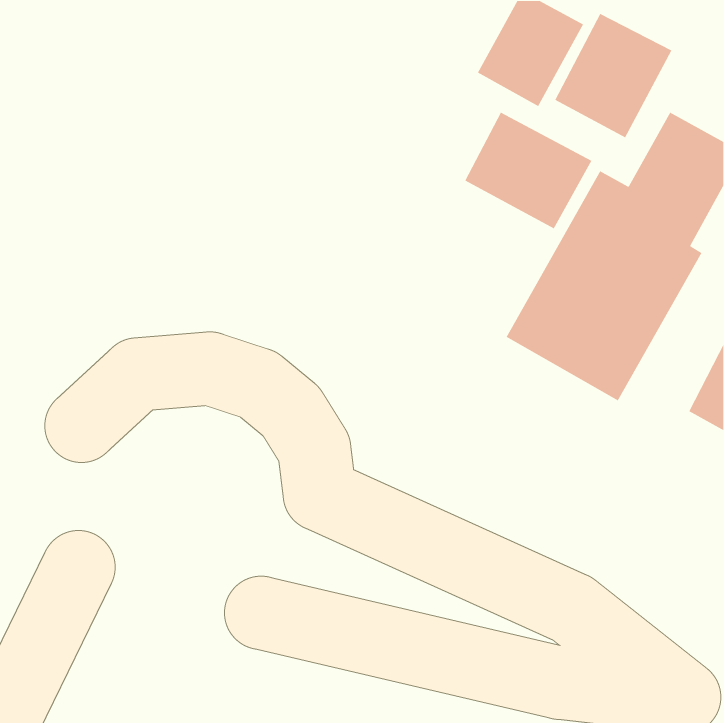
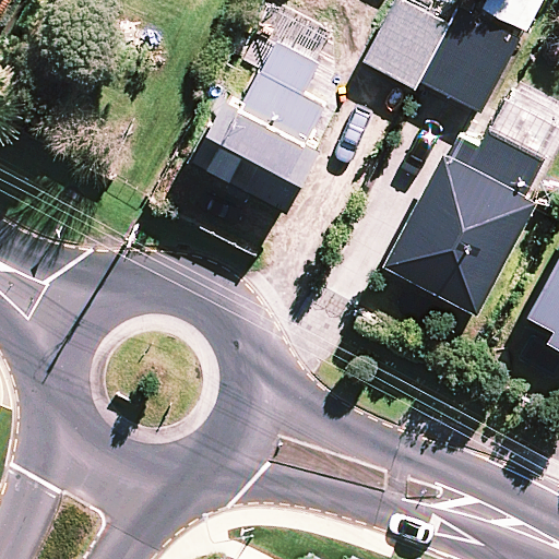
building: none -> [191,16,336,212]
building: [464,112,593,230] -> none

